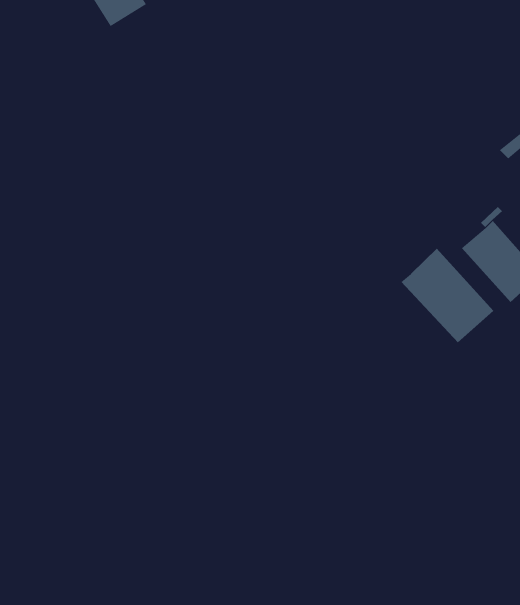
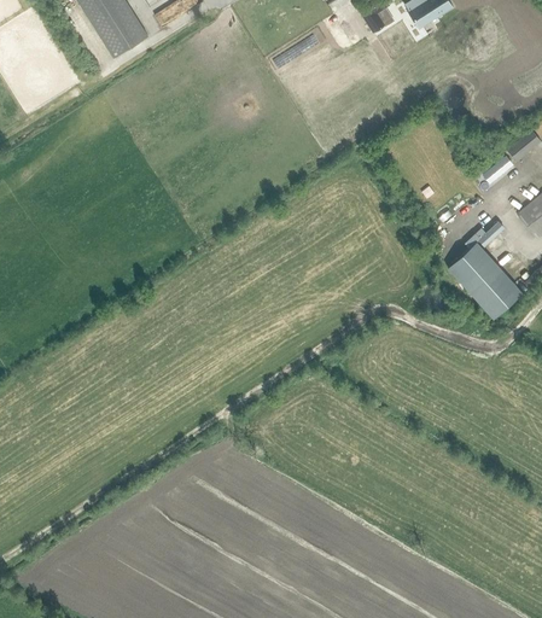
building: [401,248,494,343] -> none

